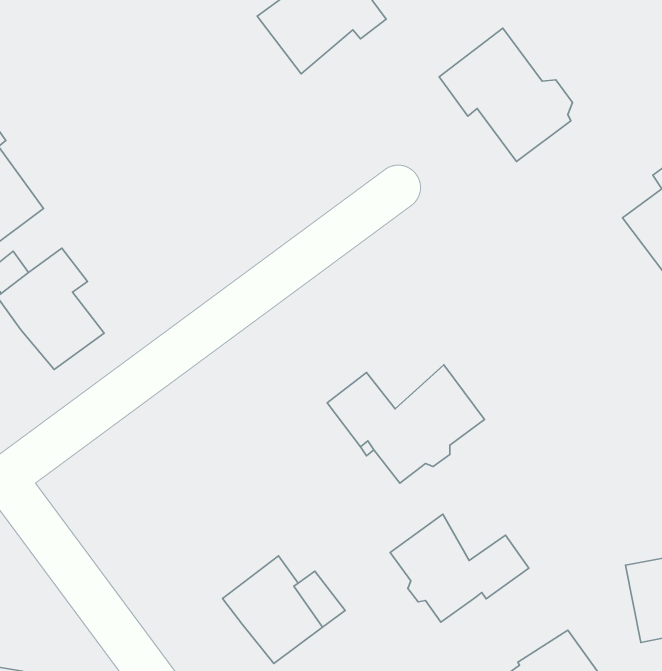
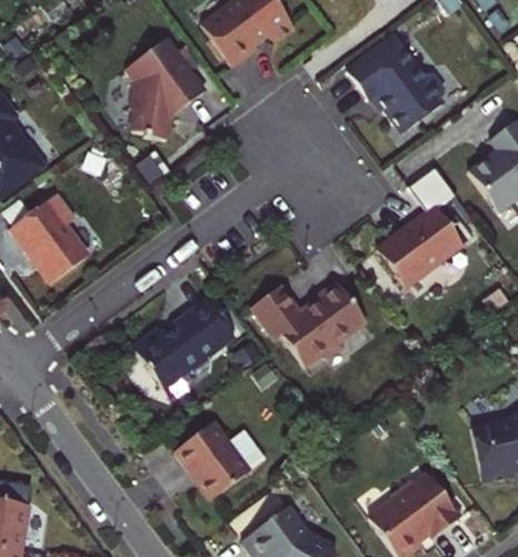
building: none -> [126,37,206,138]
building: none -> [378,165,465,286]
building: none -> [135,297,236,386]
building: [390,514,529,622] -> none

